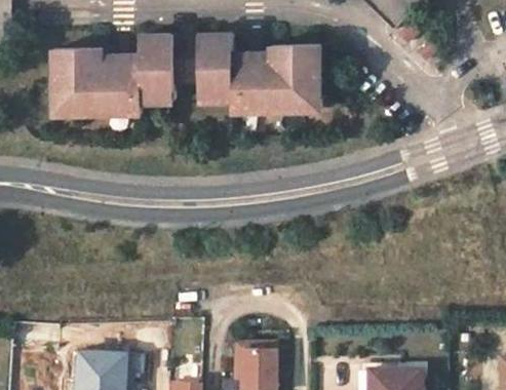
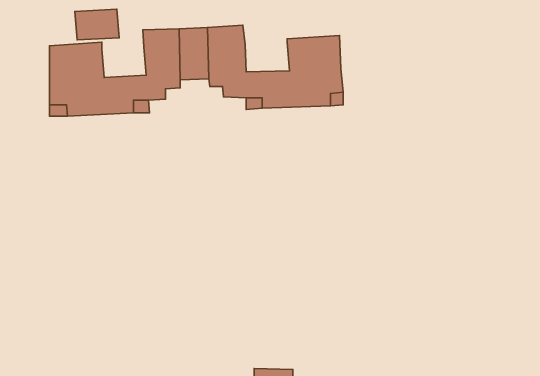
building: [233,50,273,77] -> none
building: [104,54,144,82] -> [75,9,119,40]

